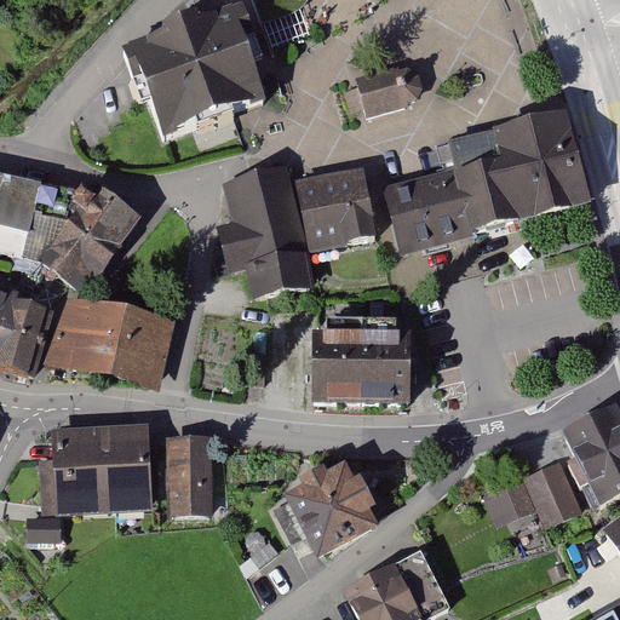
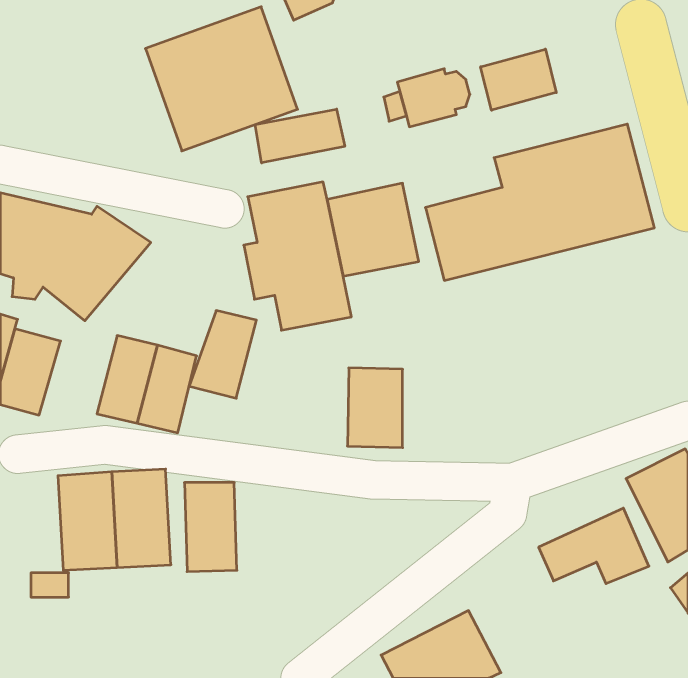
building: none -> [481,49,556,110]
building: none -> [255,109,345,163]
building: [45,293,105,372] -> [189,311,256,398]
building: [362,332,412,402] -> none
building: [285,461,380,558] -> none

